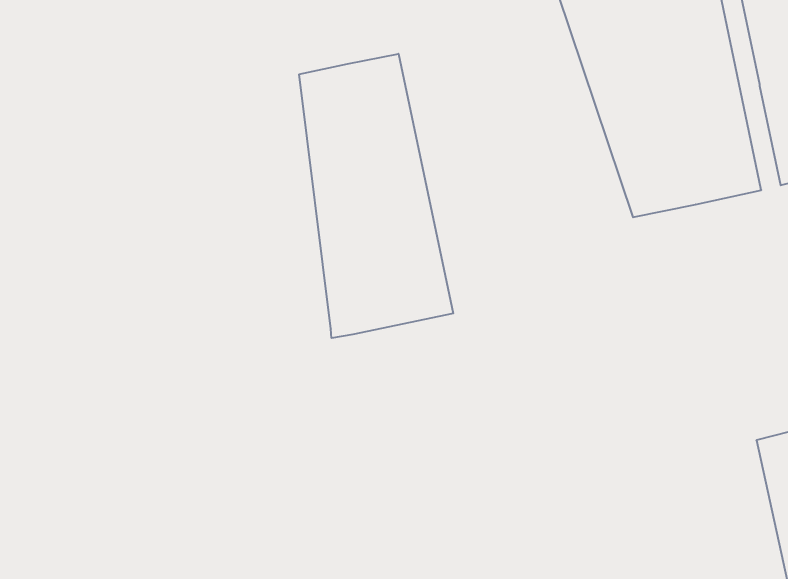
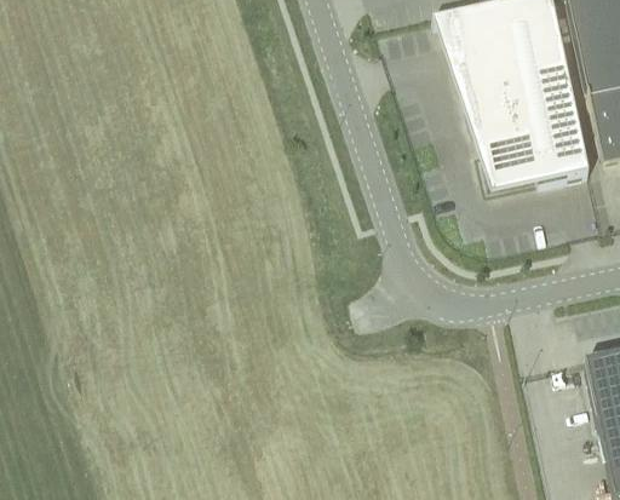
building: [299,54,453,338] -> none

